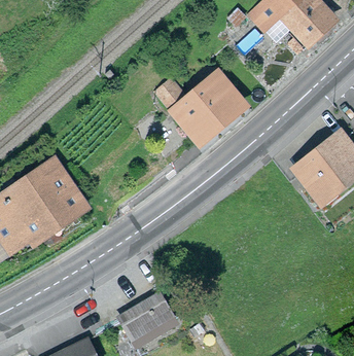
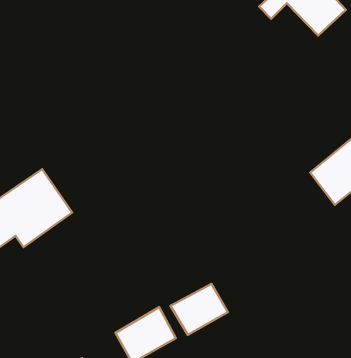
building: [162,79,242,139] -> none
building: none -> [171,284,228,335]

